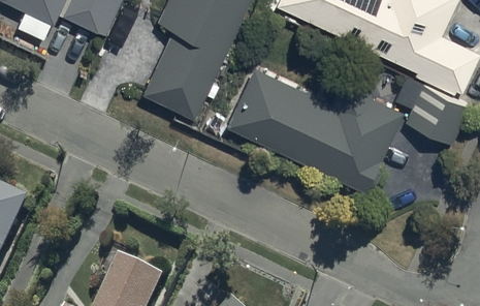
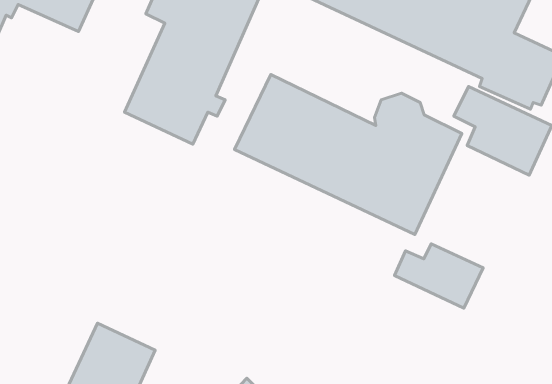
building: none -> [395,244,483,308]

